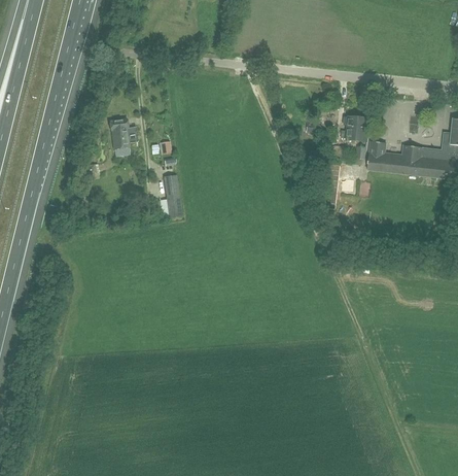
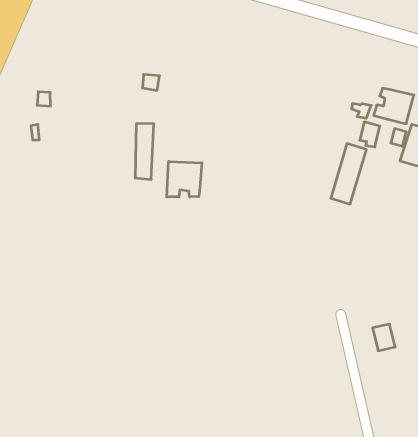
building: [109,118,129,148] -> none
building: none -> [167,161,202,197]

